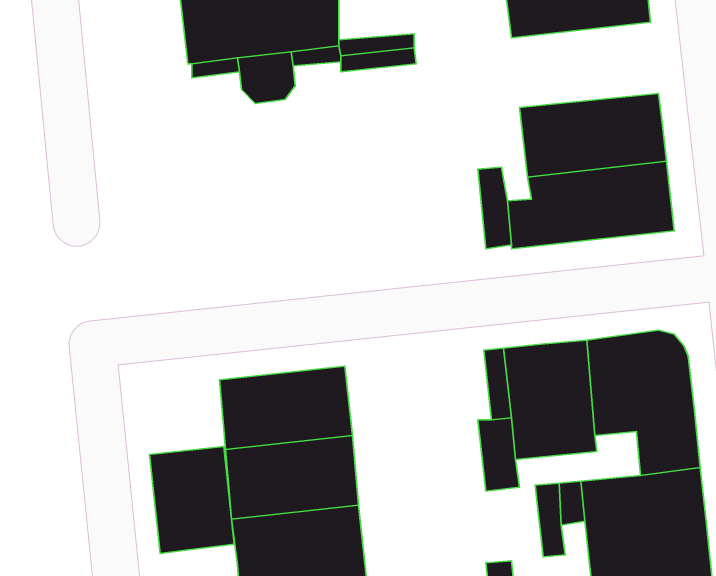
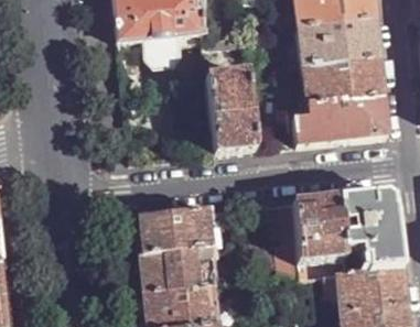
building: none -> [298,17,379,64]
building: none -> [207,68,257,151]
building: [149,447,234,554] -> none

